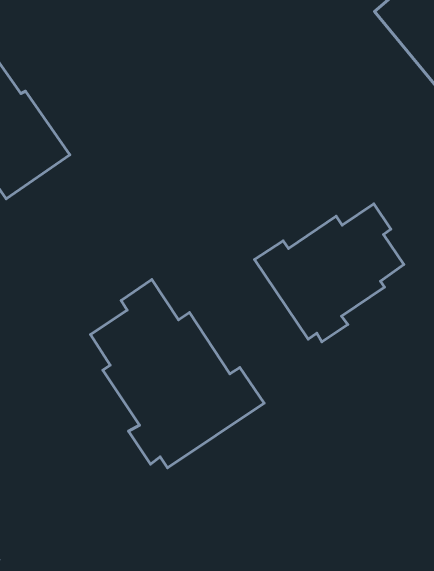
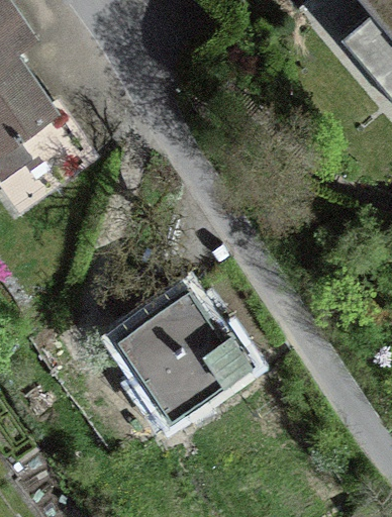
building: [255,204,404,342] -> none

